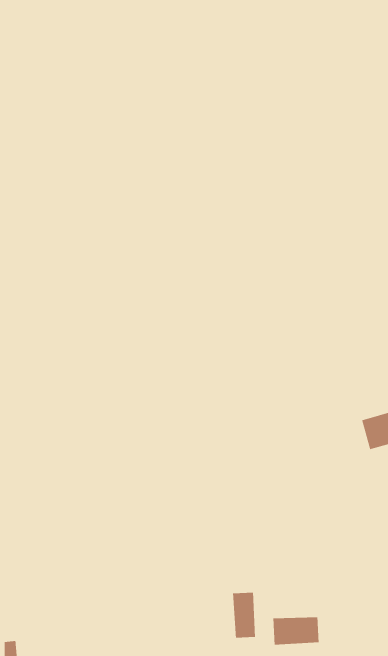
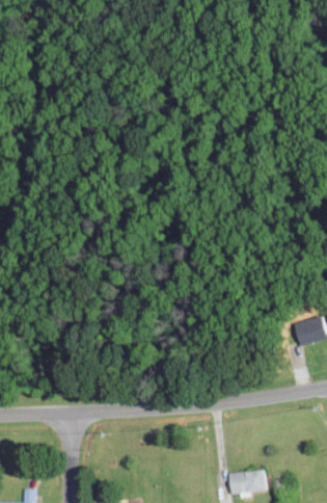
building: [232,592,256,638] -> none

